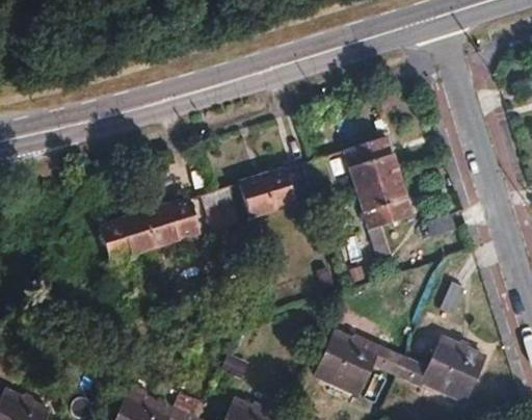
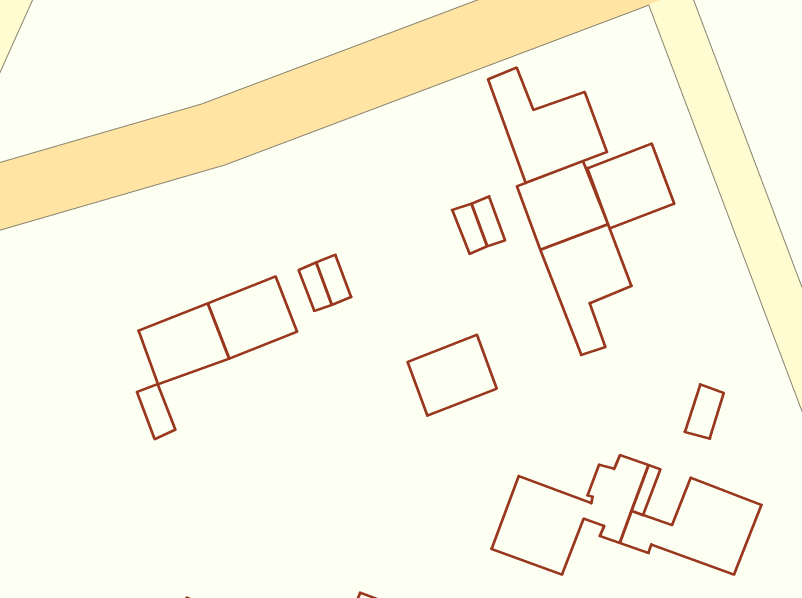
building: none -> [488,68,607,183]
building: none -> [587,144,674,228]
building: [241,167,296,216] -> [408,335,497,416]

